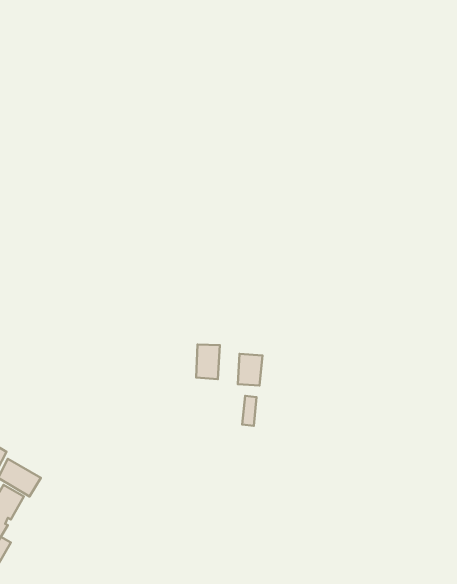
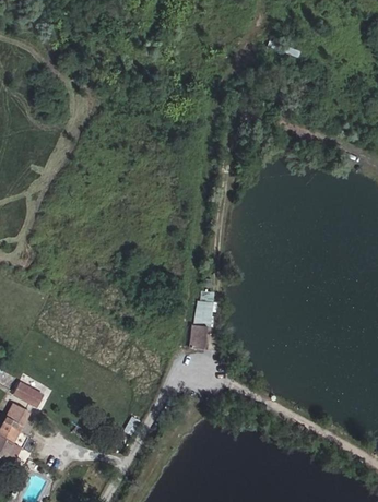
building: [196,344,220,379] -> none

